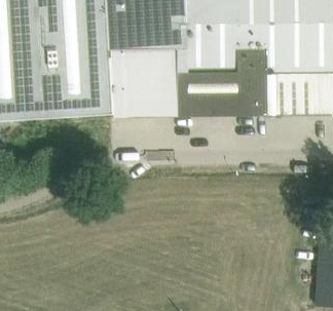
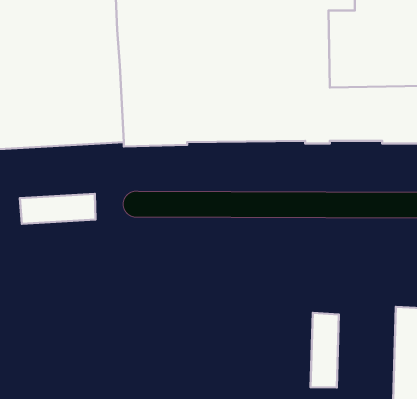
building: none -> [20,194,96,224]
building: none -> [311,313,339,388]

